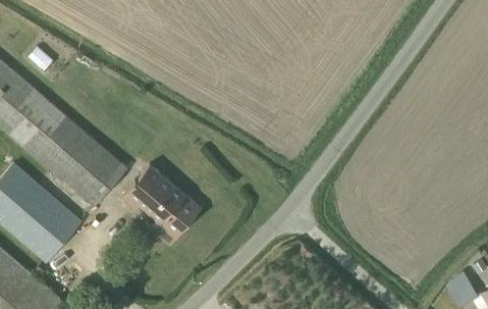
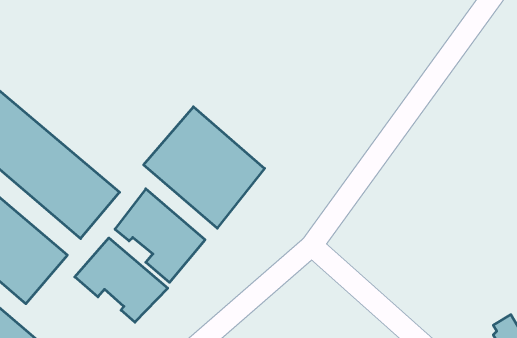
building: none -> [144,107,265,228]
building: none -> [75,238,168,322]

